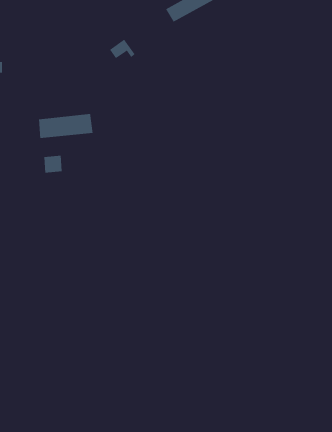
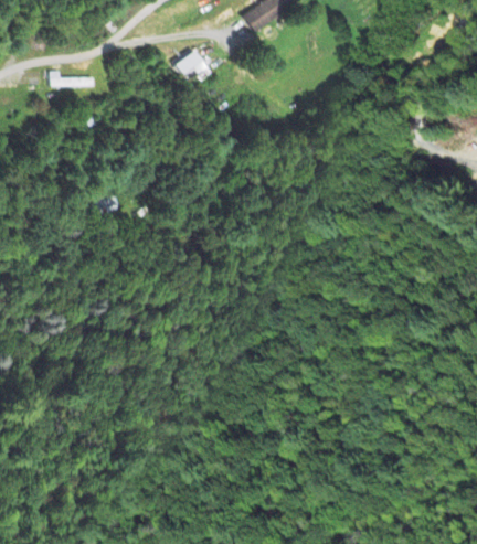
building: none -> [51,73,94,88]
building: [38,113,93,139] -> none

